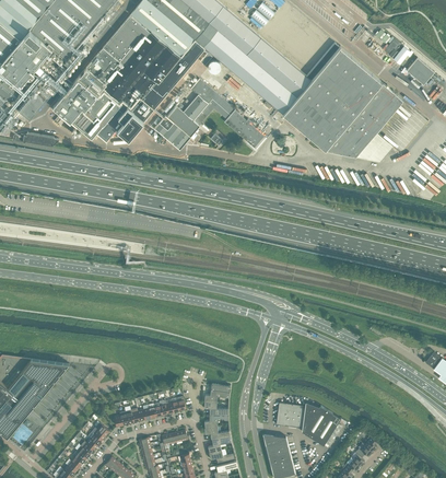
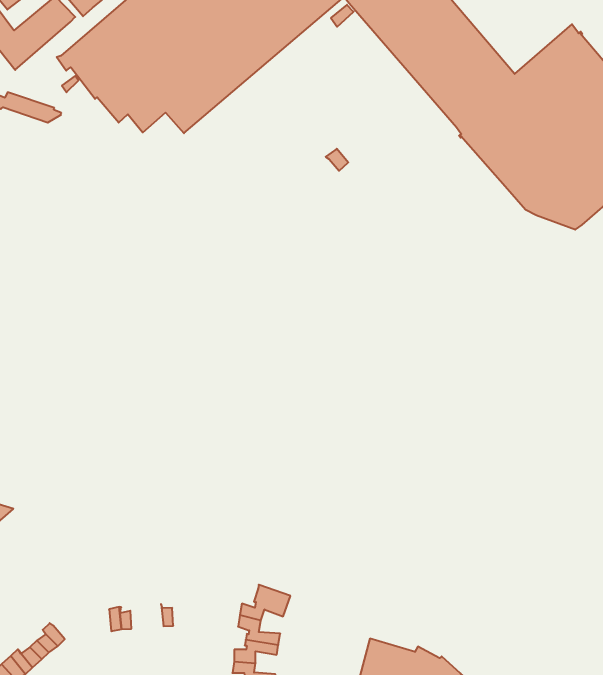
building: [153,79,263,150] -> none

